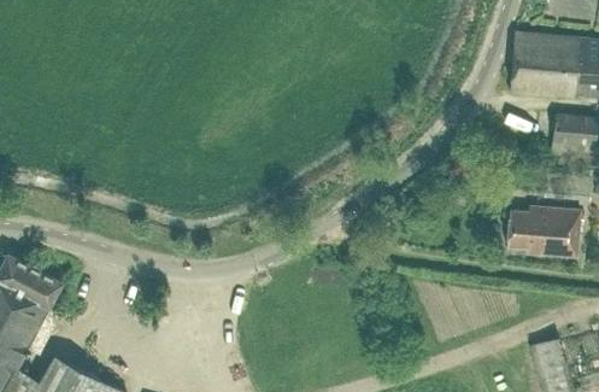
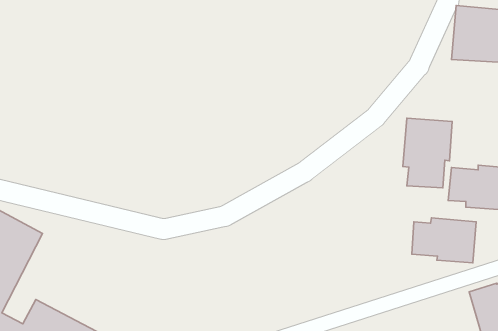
building: none -> [403,118,452,188]
building: none -> [412,218,476,263]

